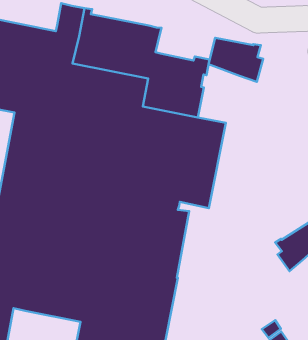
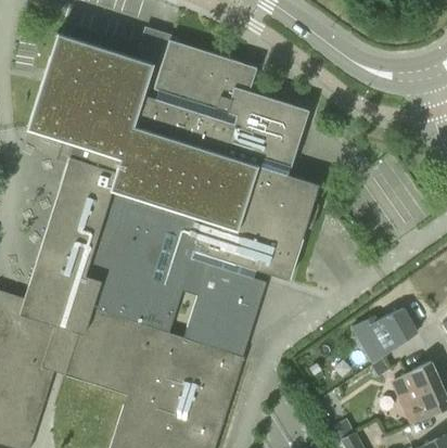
building: [208,38,263,82] -> none

